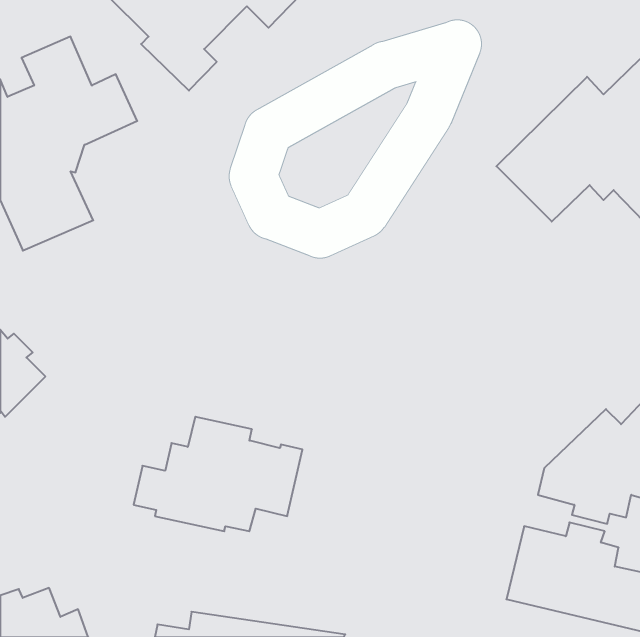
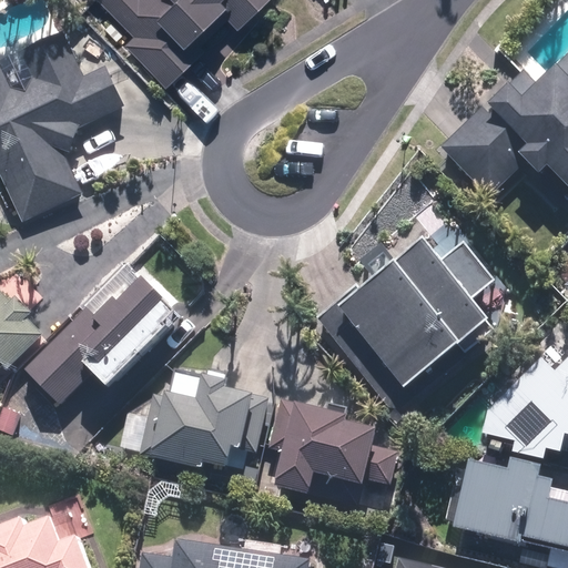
building: none -> [316,241,494,407]
building: none -> [24,278,176,403]
building: none -> [268,399,398,504]

